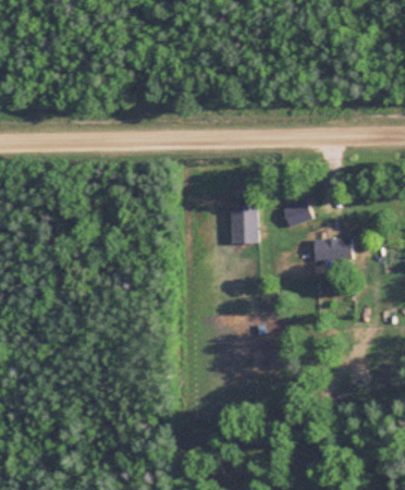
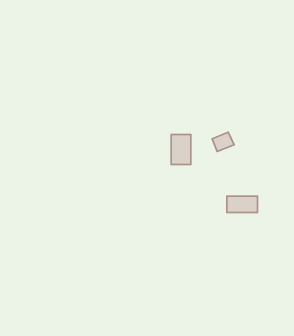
building: [314,240,353,260] -> [227,196,257,212]

